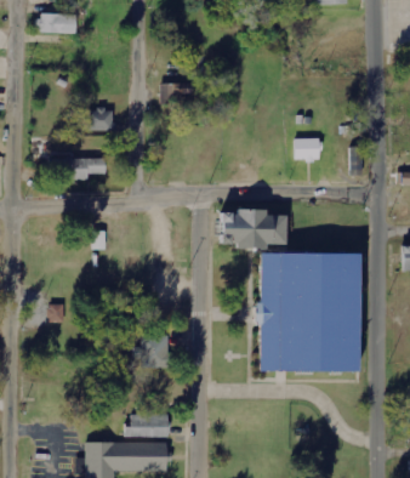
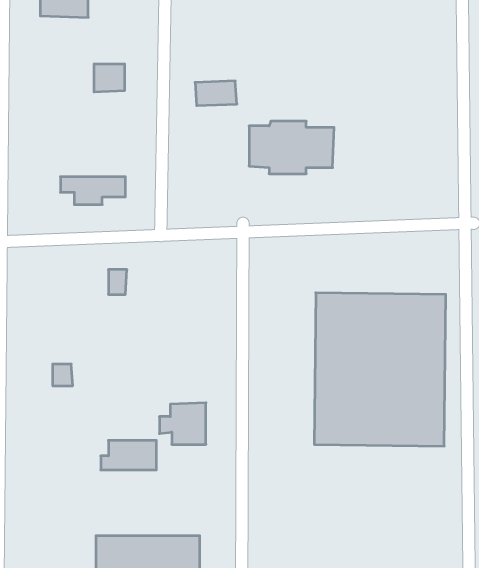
building: [90,109,114,131] -> [94,64,125,92]
building: [295,138,321,160] -> none
building: [218,205,285,246] -> [249,121,334,174]
building: [126,414,170,437] -> [101,440,156,470]

